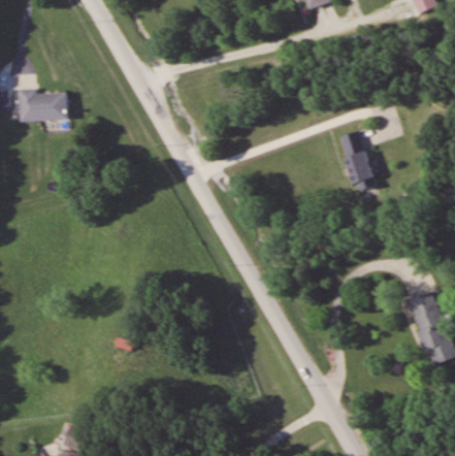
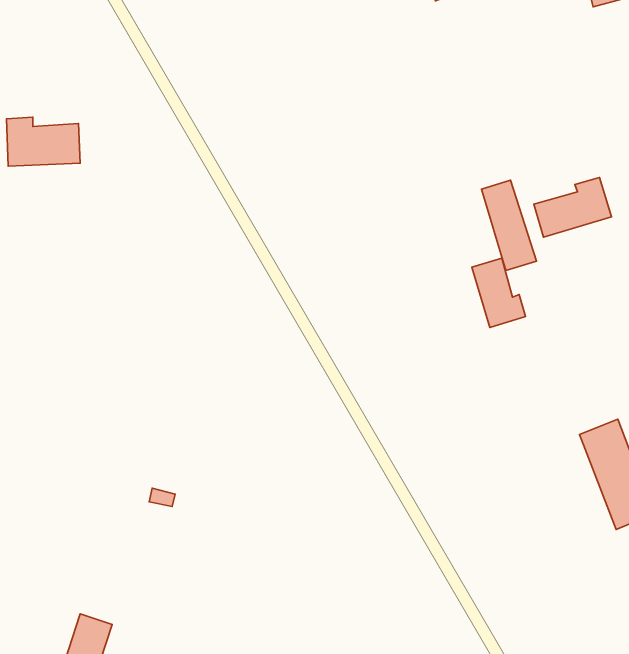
building: none -> [534,177,612,237]
building: none -> [472,258,525,328]

